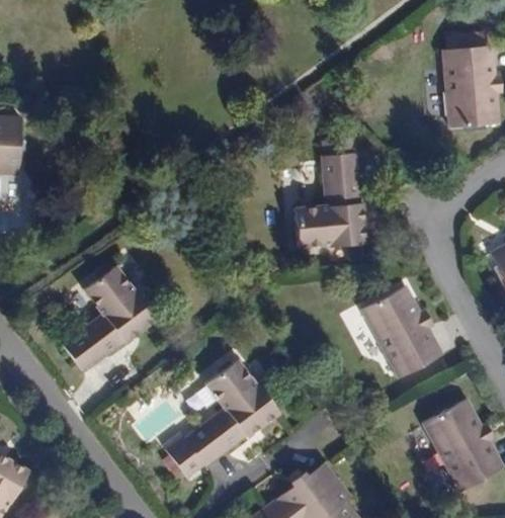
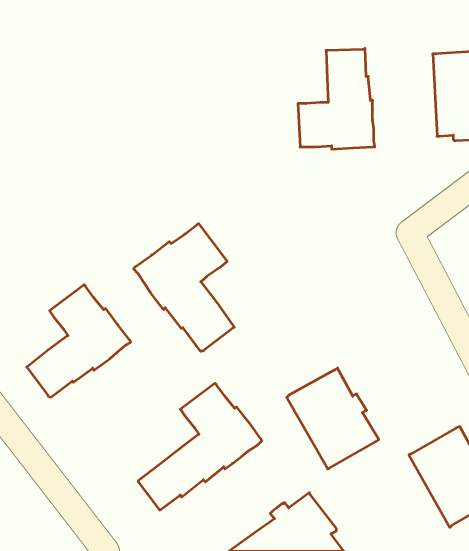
building: [293,151,365,245] -> [298,48,375,149]
building: none -> [134,224,234,351]
building: [357,285,443,379] -> [287,368,379,469]

